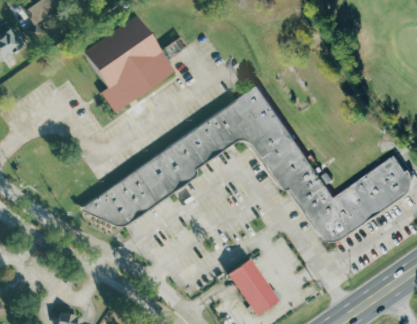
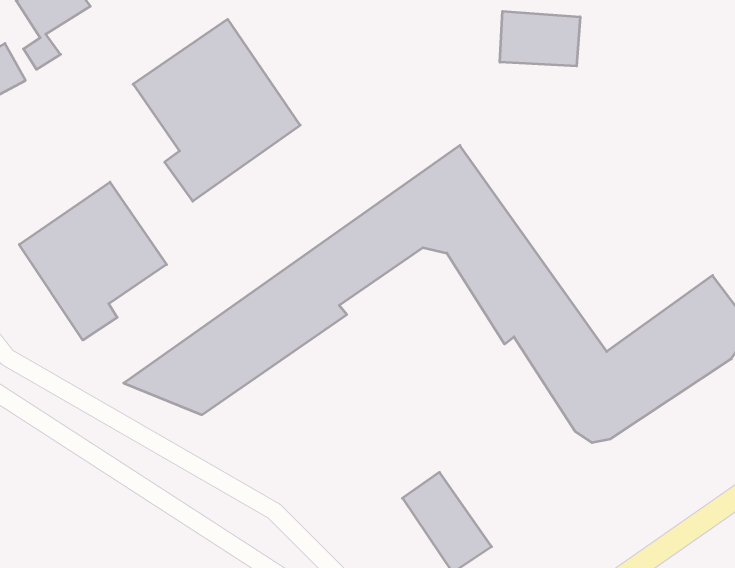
building: none -> [500,11,580,66]
building: none -> [19,182,167,340]

